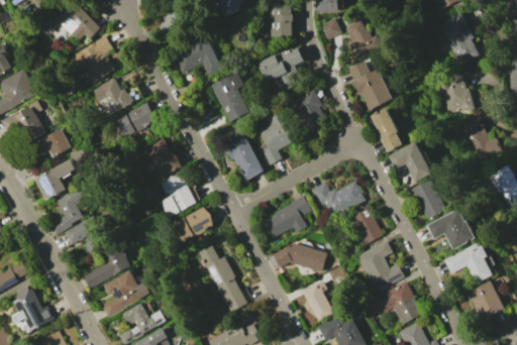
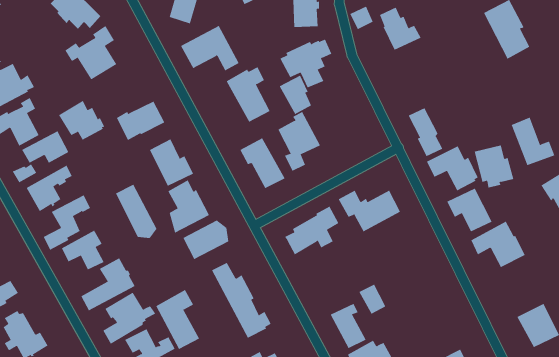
building: [348,62,393,110] -> none
building: [92,77,133,112] -> [58,100,105,140]
building: [439,77,475,115] -> [474,145,514,188]
building: [296,90,325,125] -> [279,75,312,115]
building: none -> [115,184,157,239]
building: [351,205,384,246] -> none
building: [356,239,405,292] -> none
building: [273,242,327,271] -> none
building: [444,242,494,282] -> none
building: none -> [155,289,200,350]
building: [378,280,424,324] -> none

